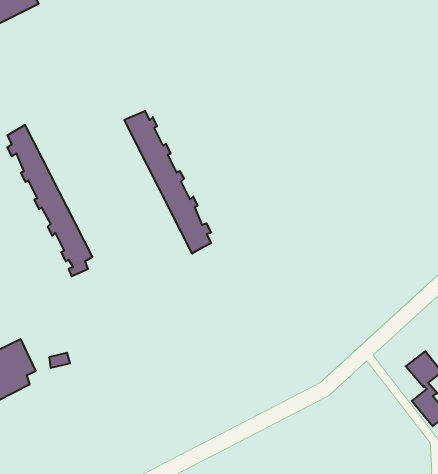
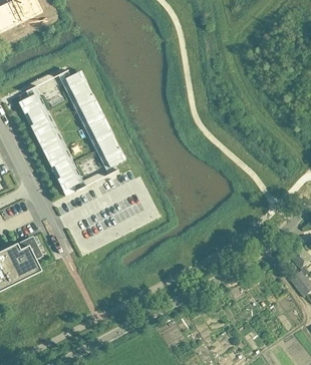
building: [124,111,211,253] -> [64,72,122,167]

